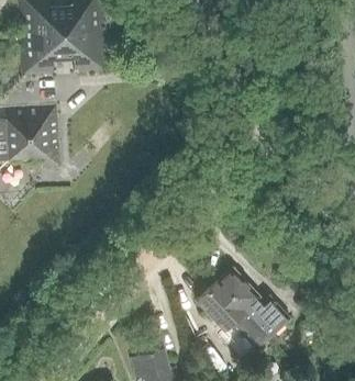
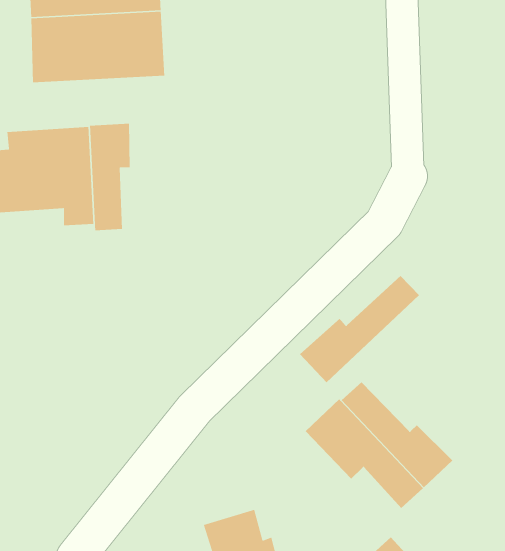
building: none -> [89,123,130,231]
building: none -> [299,275,420,383]

